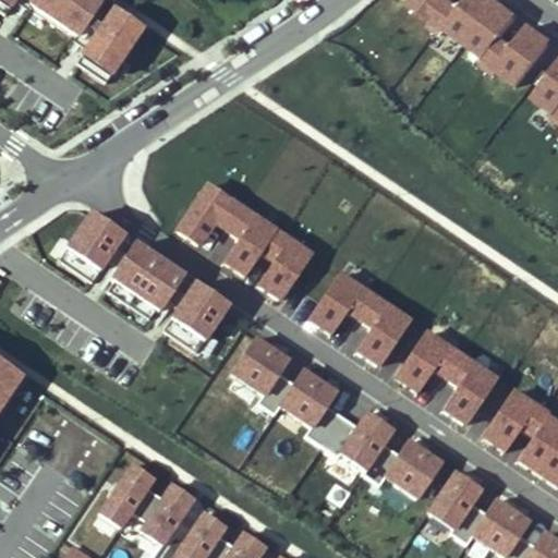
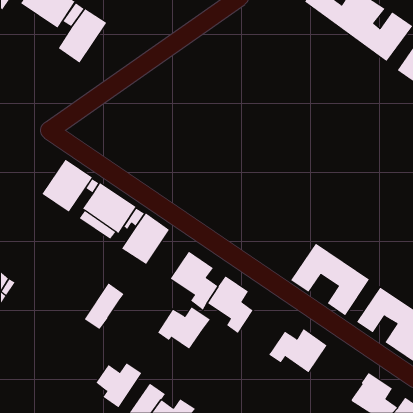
building: [177,178,317,301] -> none
building: [307,267,413,365] -> none
building: [323,412,395,470] -> [157,306,211,350]
building: [99,464,154,527] -> [84,283,124,330]
building: [428,471,488,545] -> none

